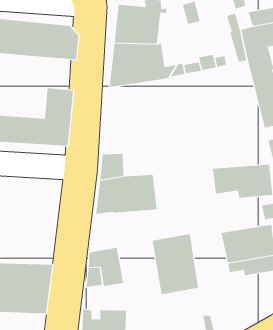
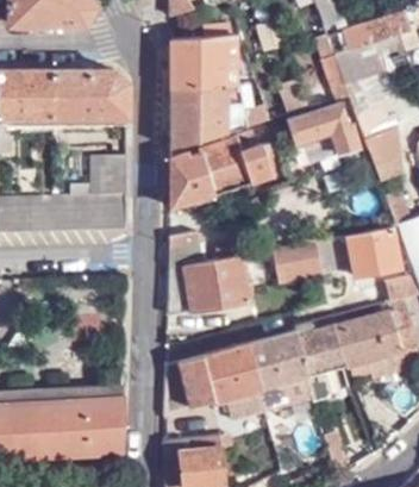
building: none -> [289,102,361,151]
building: none -> [170,132,274,207]
building: none -> [274,241,324,283]
building: none -> [296,324,349,399]
building: none -> [202,343,265,425]

